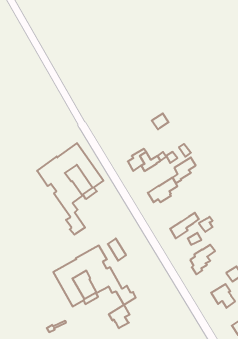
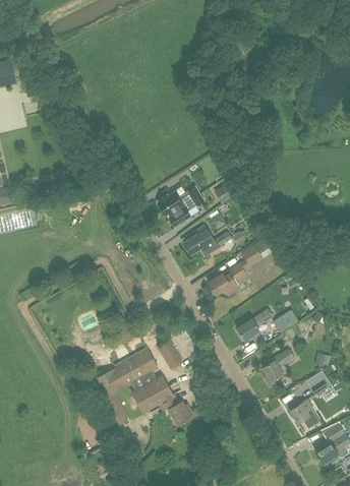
building: none -> [158,186,205,226]
building: [37,143,103,235] -> none
building: [109,305,130,328] -> none

